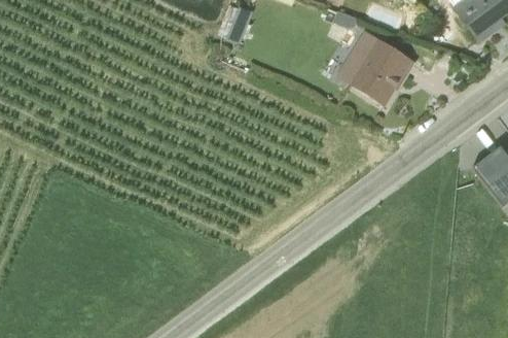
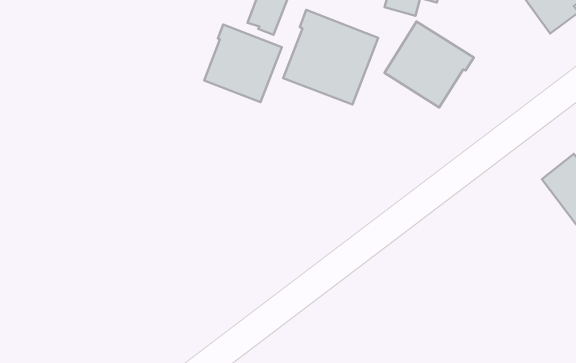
building: none -> [283,10,378,105]
building: none -> [204,24,282,102]

